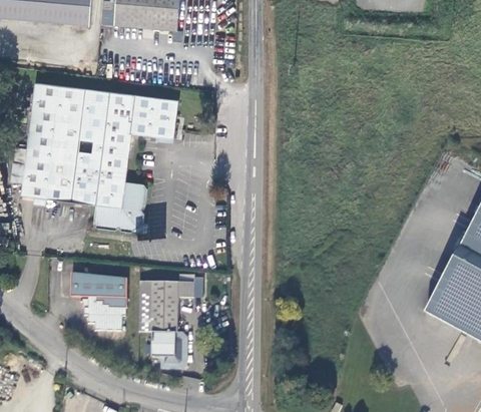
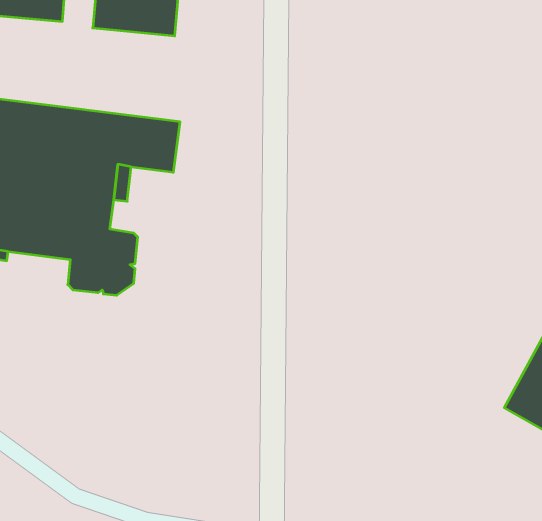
building: [71,273,129,329] -> none
building: [139,281,193,368] -> none

